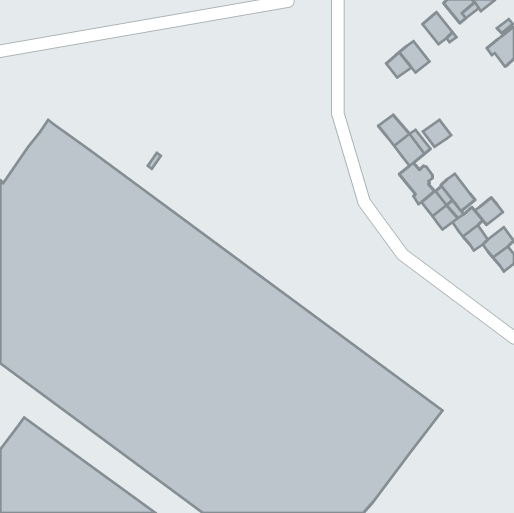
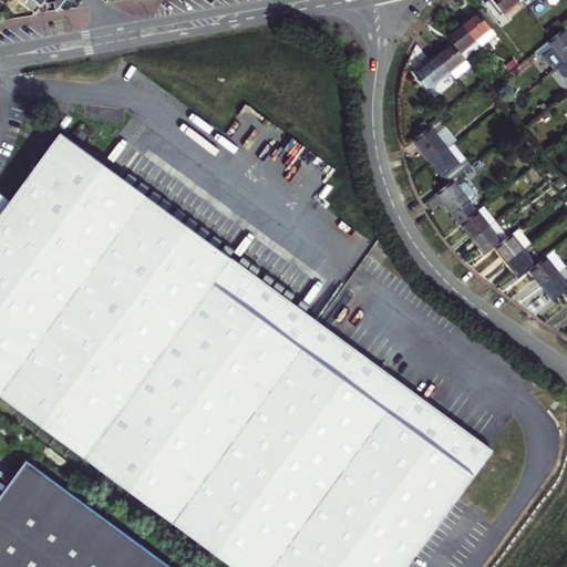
building: none -> [450,27,483,61]
building: [423,120,451,147] -> none
building: [441,174,475,211] -> none
building: [475,198,503,225] -> none

